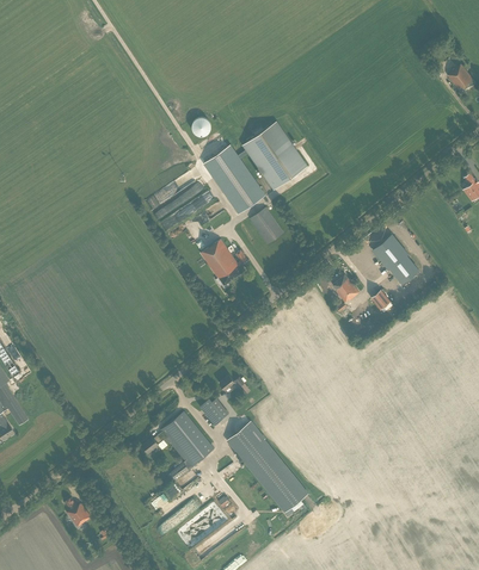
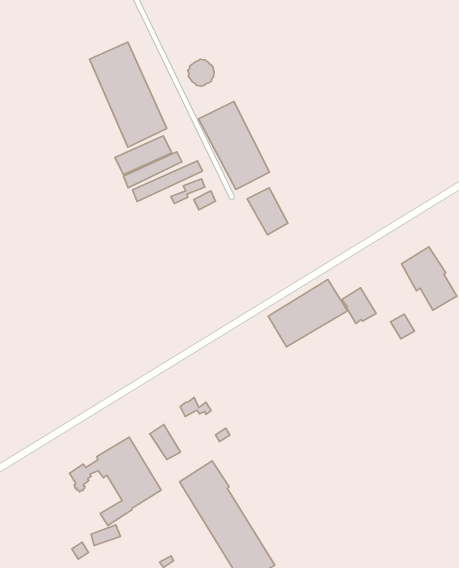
building: none -> [90,42,167,147]
building: [244,122,308,190] -> none
building: [199,238,247,285] -> none
building: none -> [268,279,348,347]

